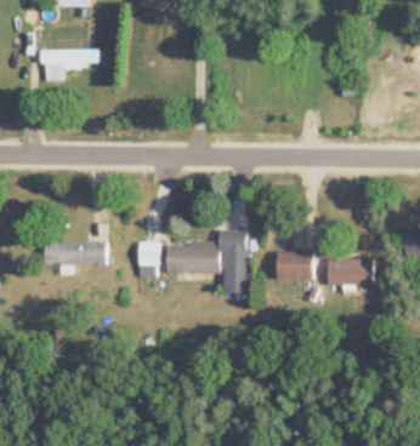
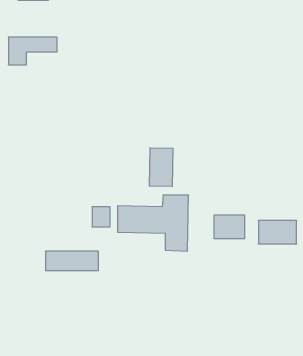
building: none -> [149,148,173,187]
building: [44,241,104,263] -> [45,251,98,270]

